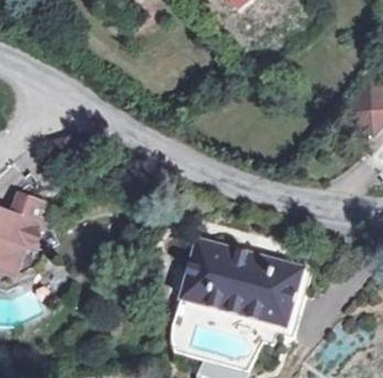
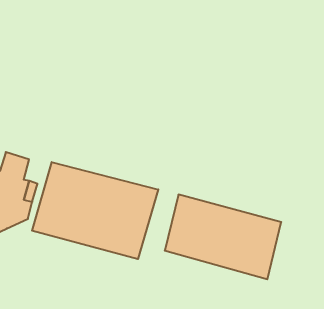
building: none -> [32,162,158,259]

